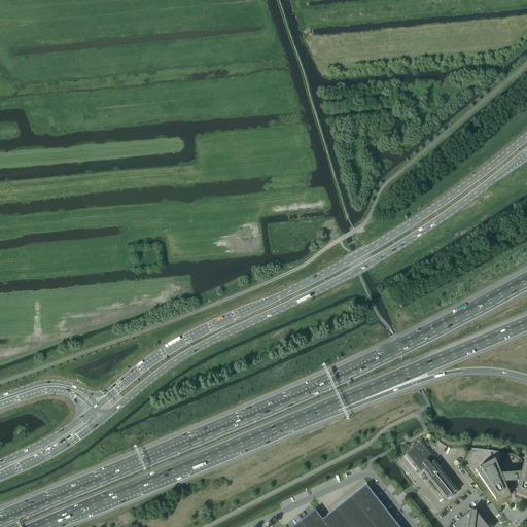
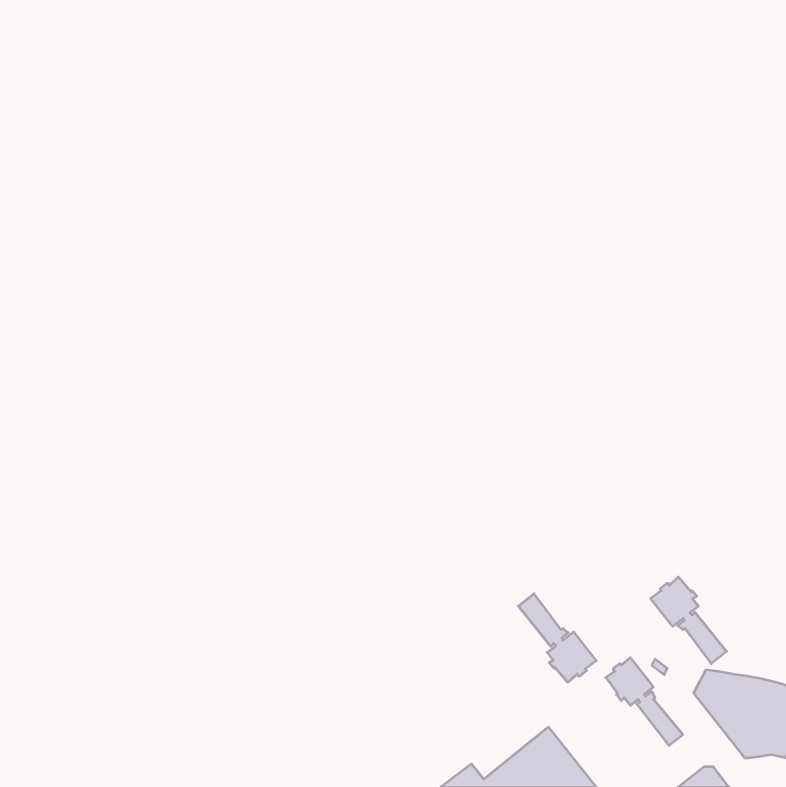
building: none -> [651,577,727,664]
building: none -> [518,594,596,682]

